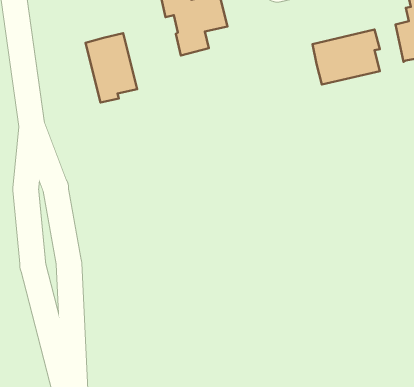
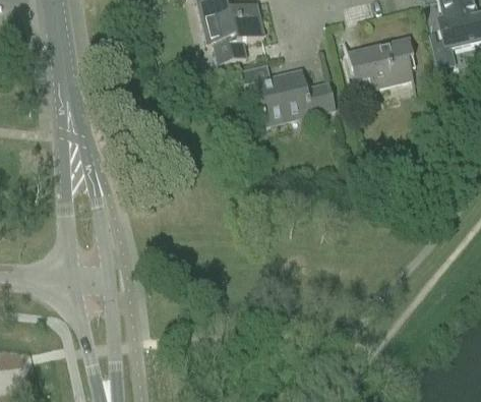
building: [85,33,137,103] -> none
building: none -> [256,68,336,124]

